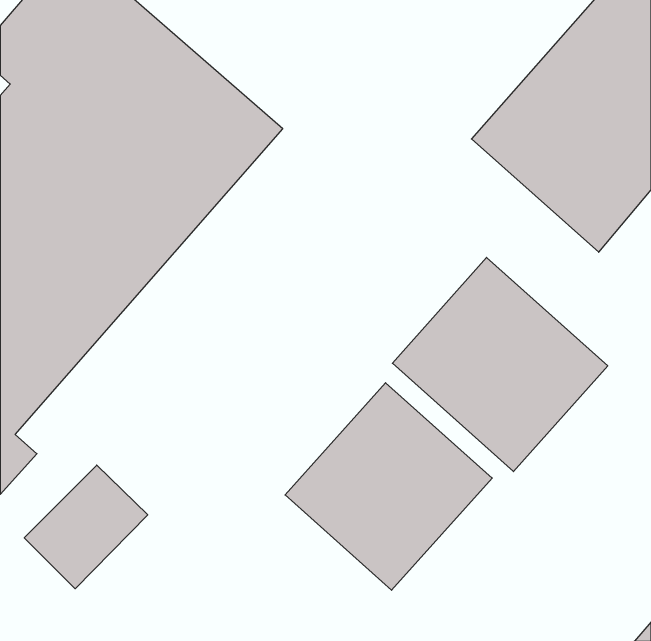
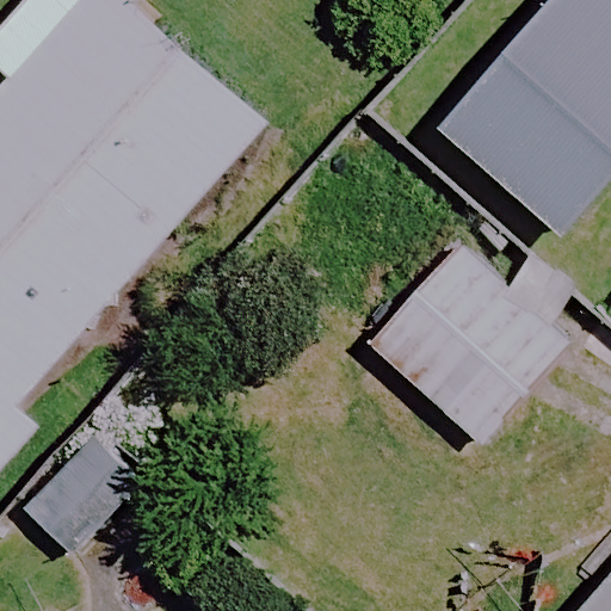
building: [285,383,492,590] -> none

